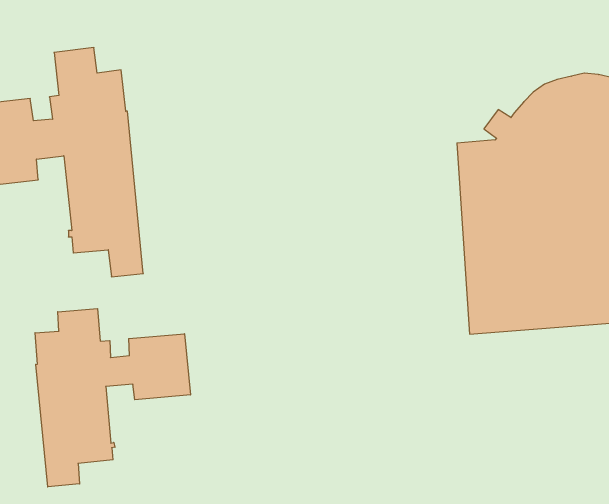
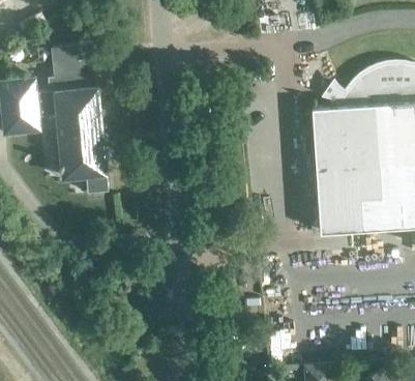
building: [35,309,190,487] -> none

